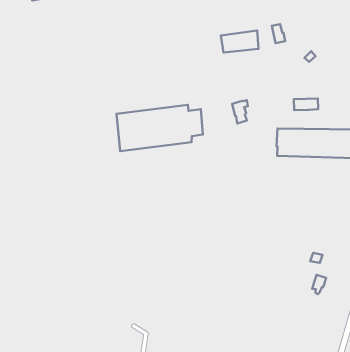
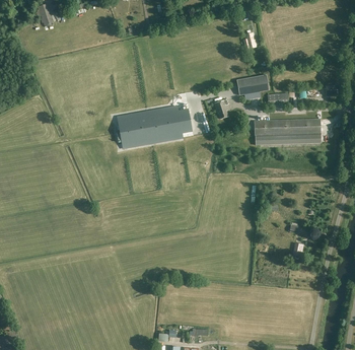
building: [221,31,258,53] -> [236,74,269,94]

